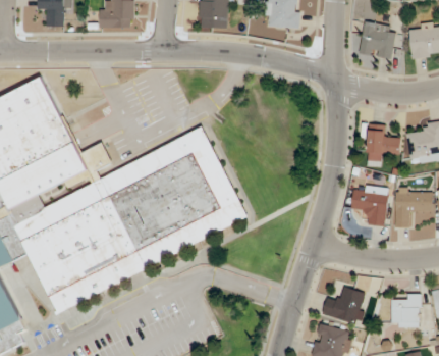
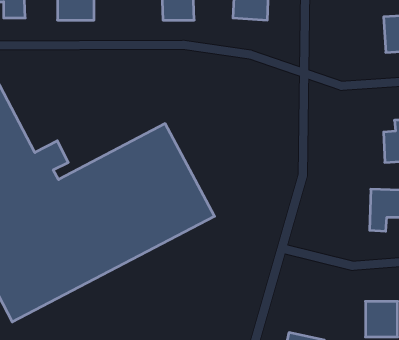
building: [359,20,397,59] -> none
building: [368,124,399,162] -> none
building: [351,186,388,225] -> none
building: [323,286,366,324] -> none

